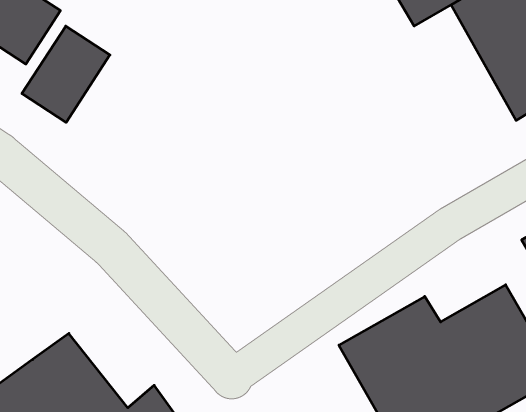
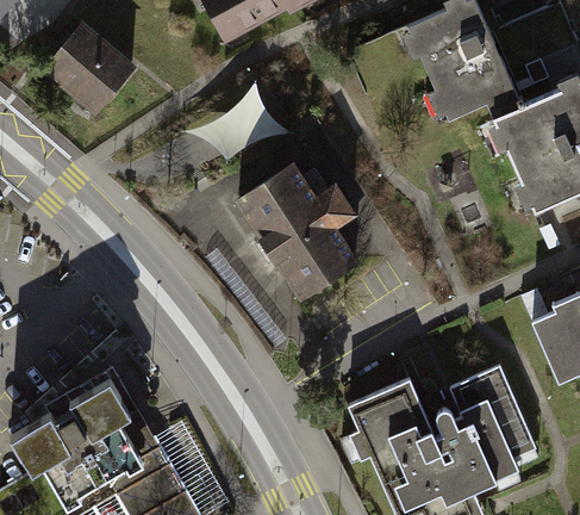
building: [22,26,110,122] -> none
building: none -> [225,154,354,294]

